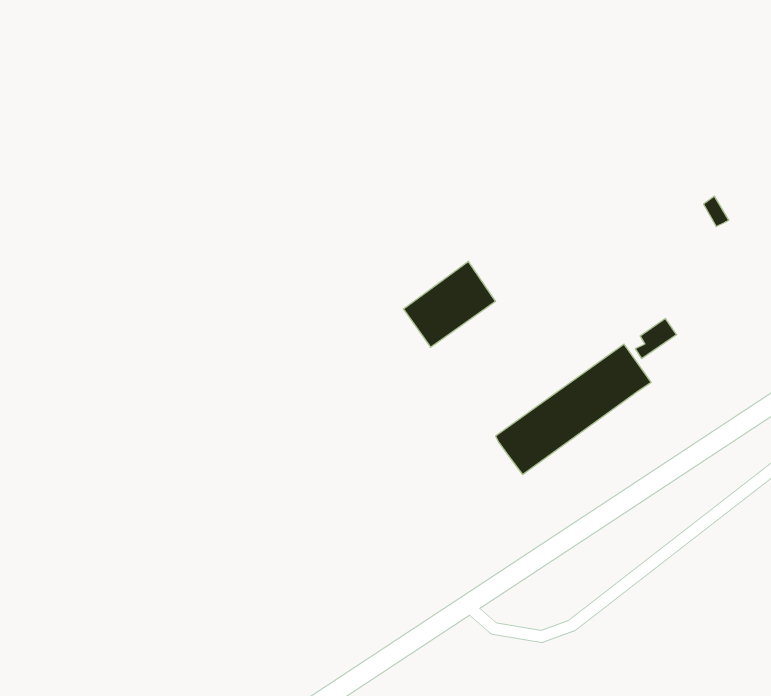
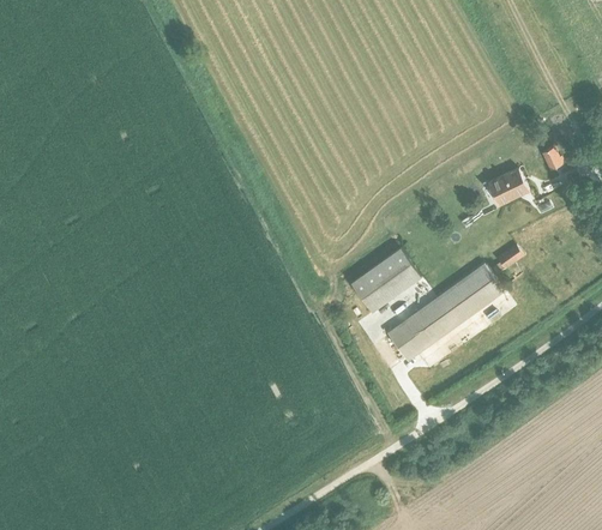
building: none -> [487,169,528,206]
building: [403,261,496,347] -> [350,248,420,313]

